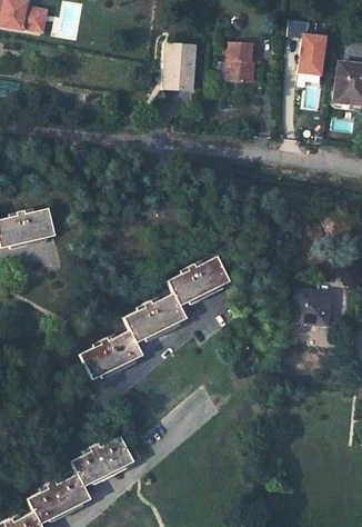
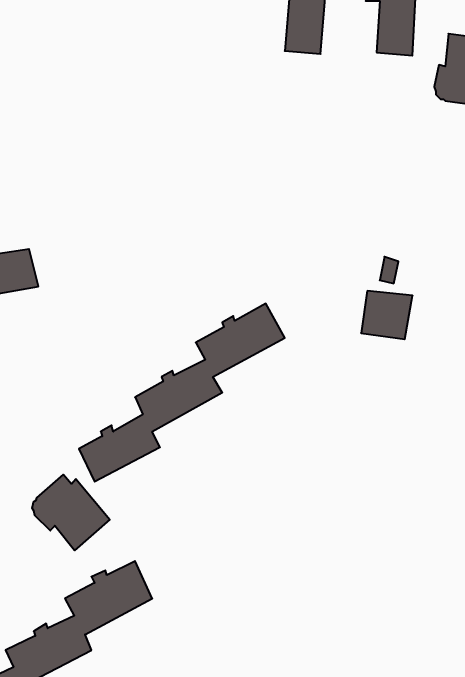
building: [171,43,201,91] -> none
building: [299,285,335,319] -> [361,291,413,339]
building: none -> [32,475,110,550]

